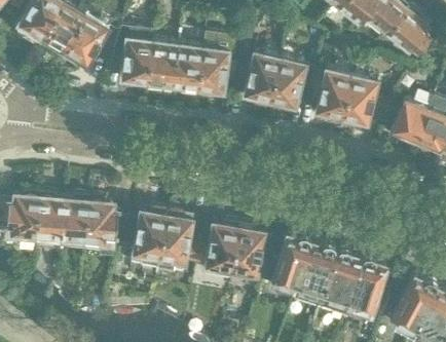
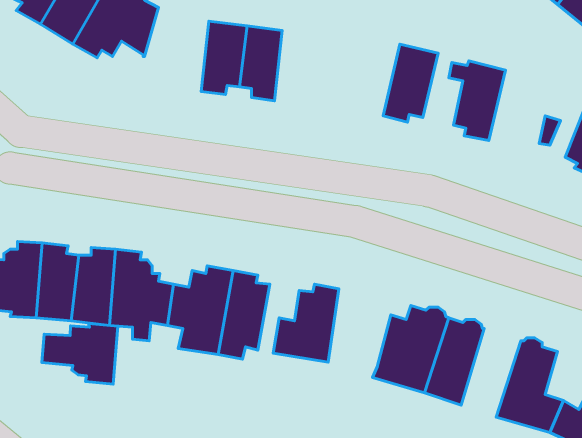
building: [106,32,151,88] -> none
building: [195,47,228,96] -> none
building: [244,50,280,105] -> none
building: [339,74,377,125] -> none
building: [231,221,273,274] -> none
building: none -> [42,324,118,384]
building: [321,246,361,315] -> none

